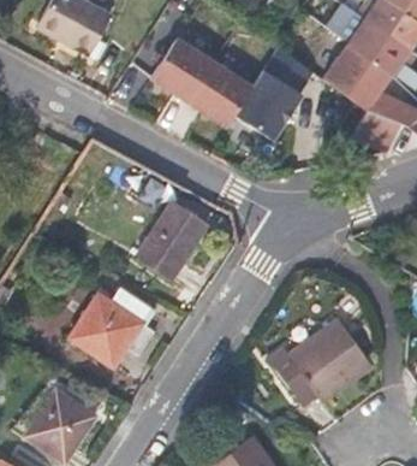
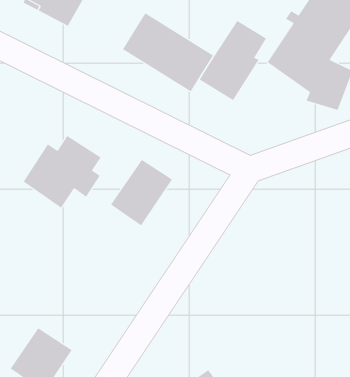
building: [72,285,160,367] -> [23,135,102,208]
building: [263,320,365,407] -> none

